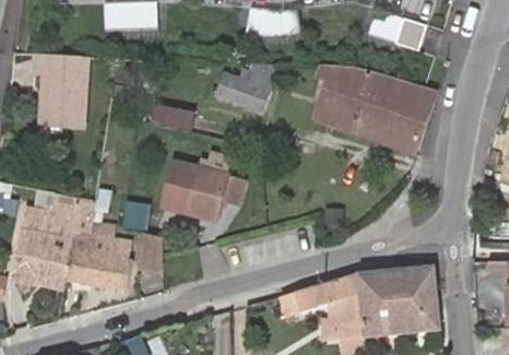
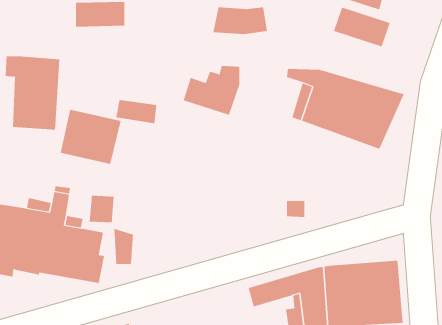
building: [168,163,232,220] -> [60,109,122,164]

